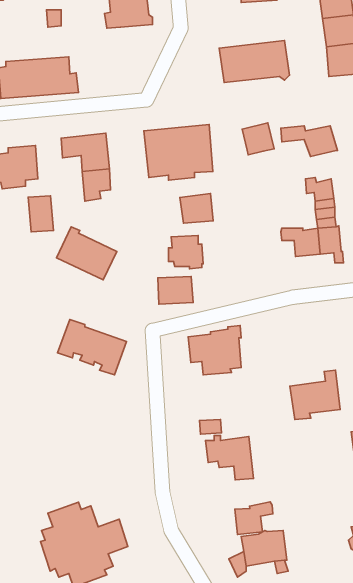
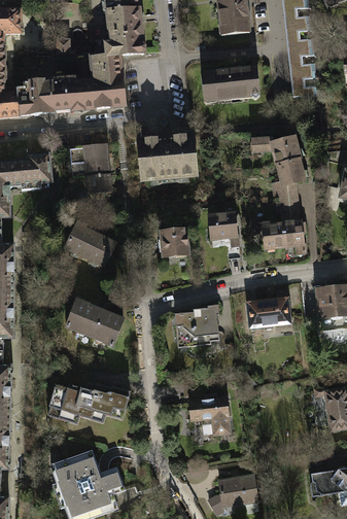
building: none -> [75,55,124,109]
building: [242,123,274,155] -> [277,158,304,184]
building: [180,194,213,223] -> [208,212,236,237]
building: [28,196,54,232] -> none
building: [158,277,193,304] -> none
building: [290,370,340,419] -> [247,288,289,330]
building: none -> [47,382,130,422]
building: [235,502,273,534] -> none

